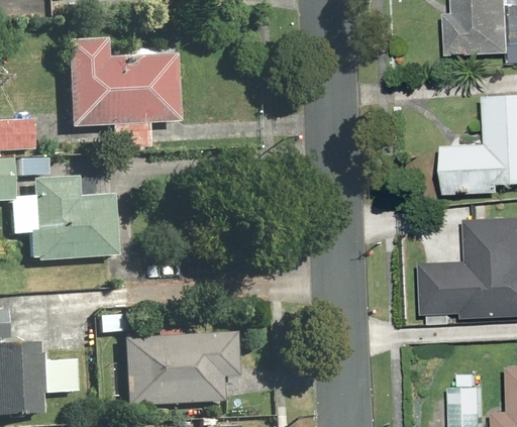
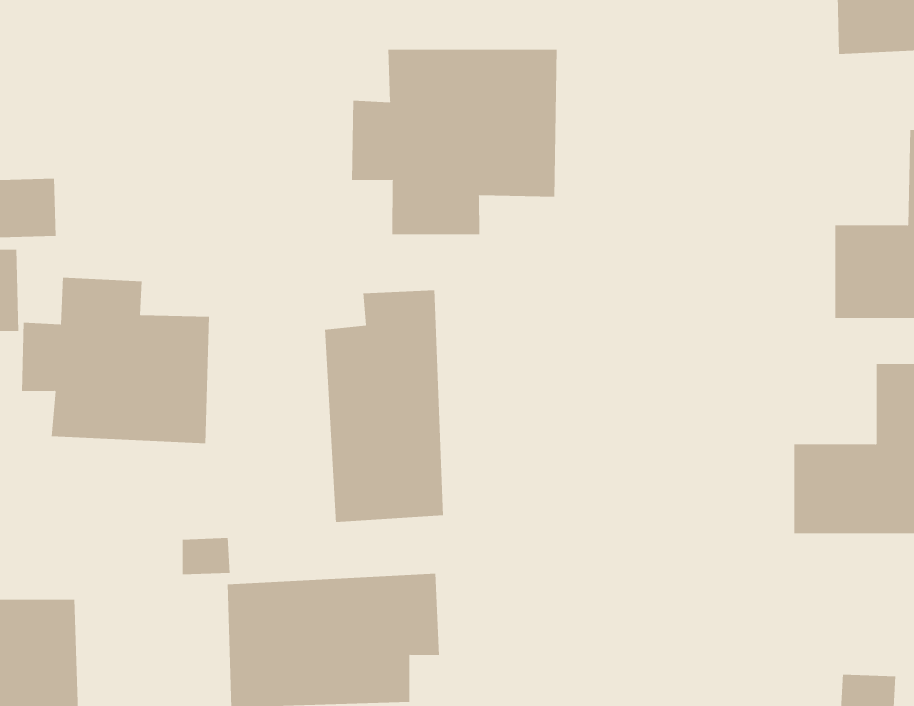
building: [69,38,175,149] -> none
building: none -> [351,49,557,235]
building: none -> [325,289,444,523]

